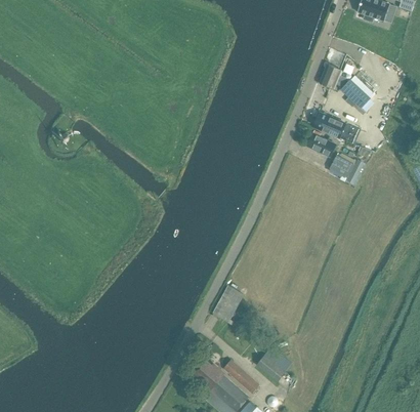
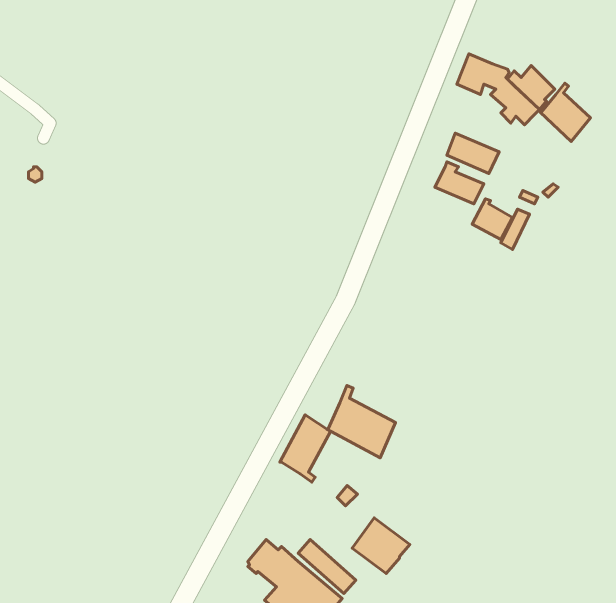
building: none -> [540,83,590,141]
building: none -> [327,386,395,458]

